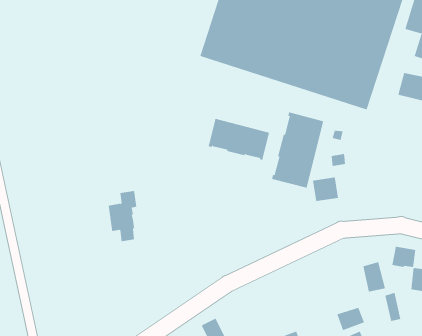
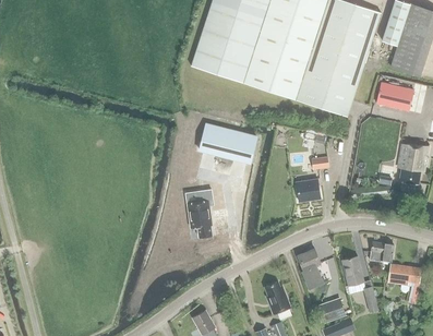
building: [271,112,324,189] -> none
building: [108,190,137,242] -> [187,189,214,237]
building: none -> [297,248,322,288]
building: none -> [264,280,290,313]

